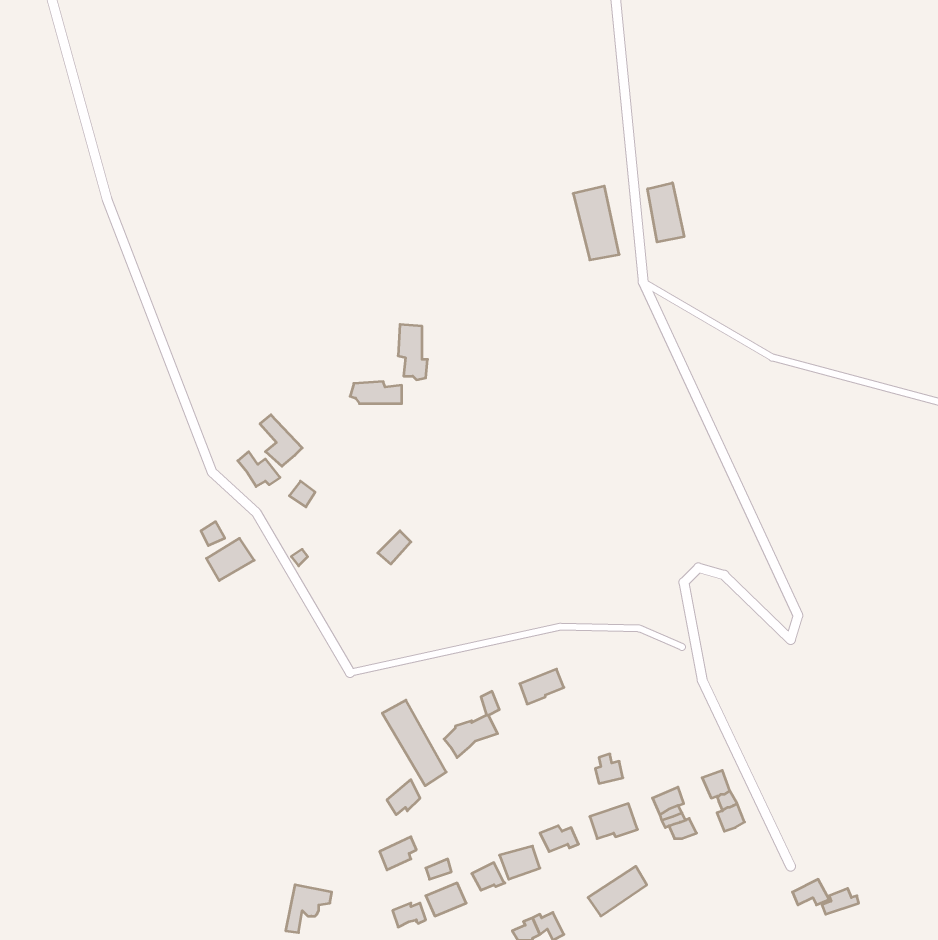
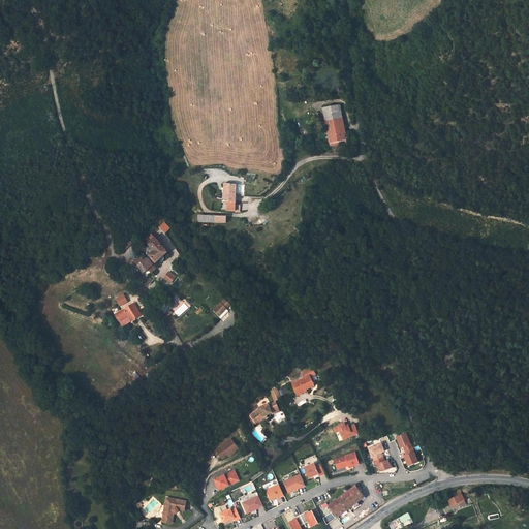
building: [648,183,684,242] -> none
building: [382,700,446,786] -> none

